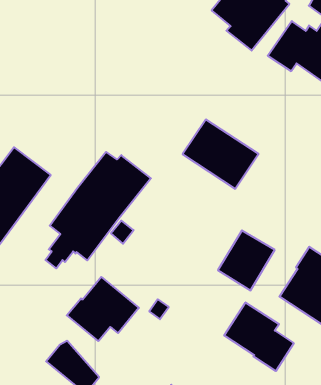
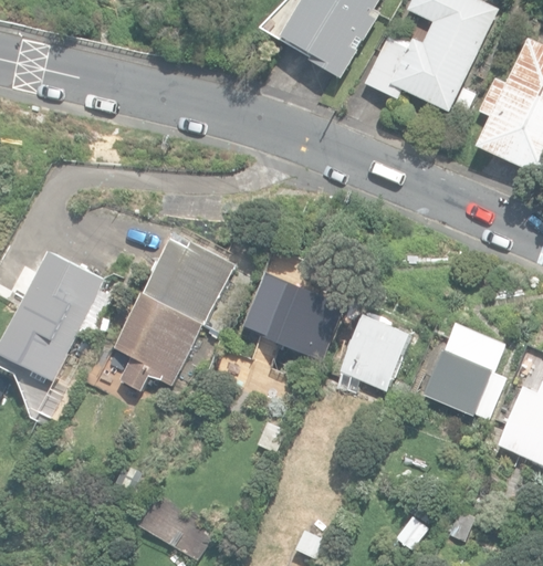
building: [183,120,259,189] -> [244,276,343,360]
building: [67,277,139,341] -> none
building: [224,302,294,371] -> none

